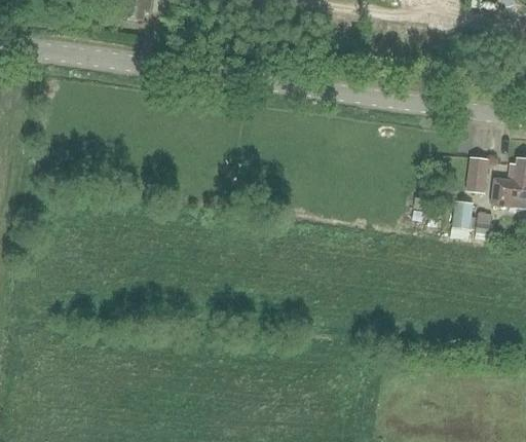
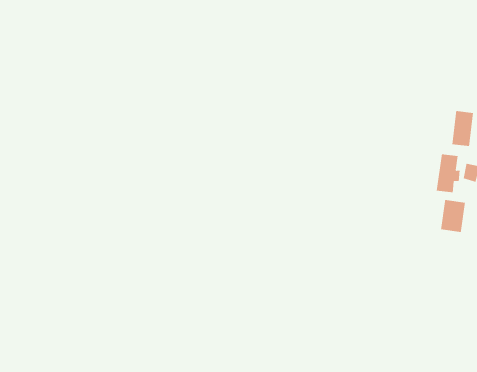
building: none -> [441,199,466,233]

